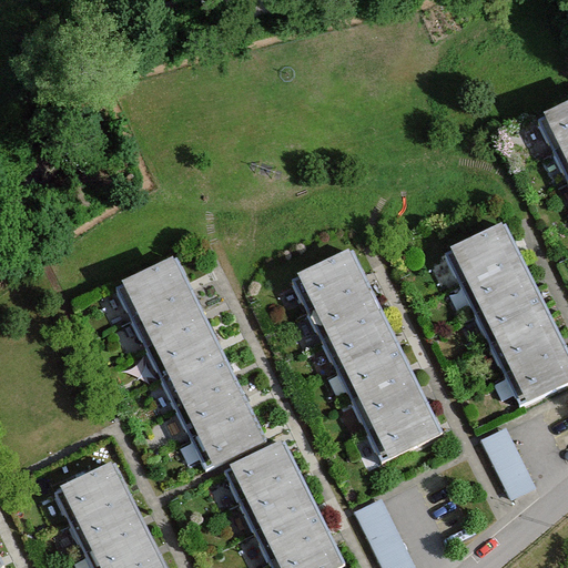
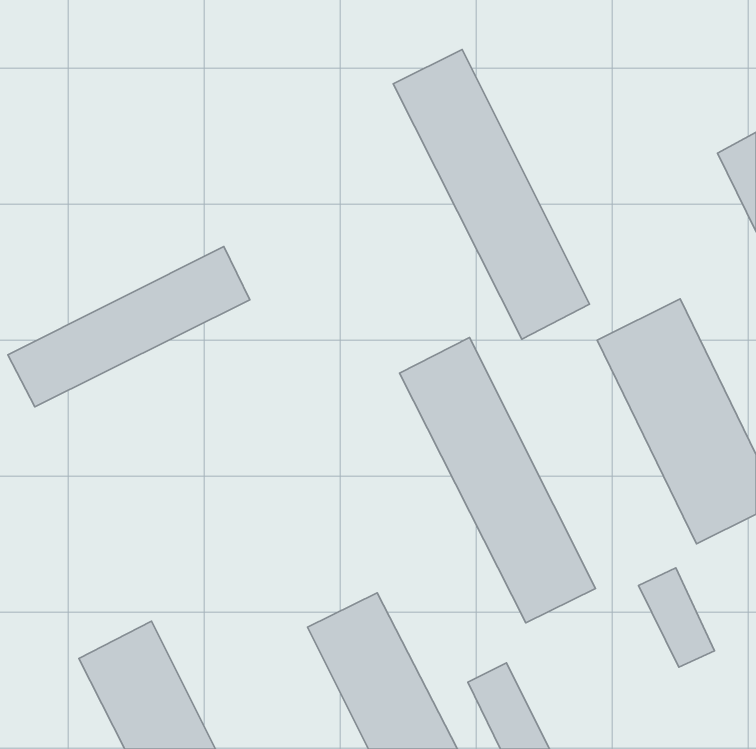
building: none -> [393,49,590,339]
building: none -> [8,247,250,407]
building: [121,258,267,473] -> none

